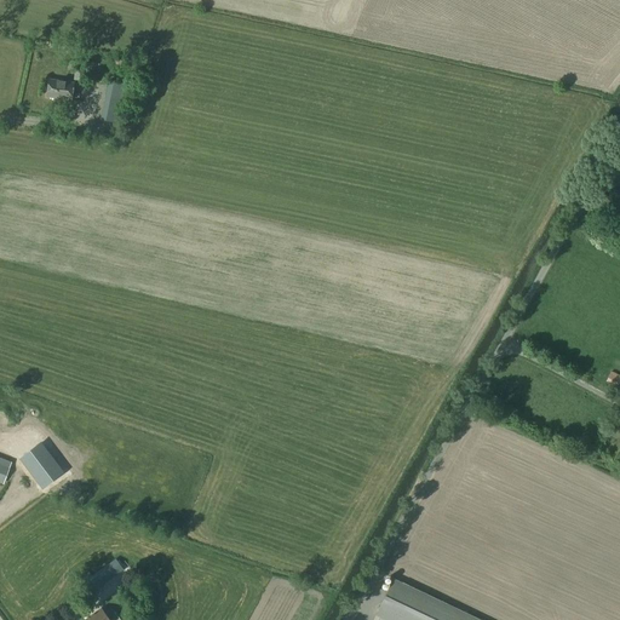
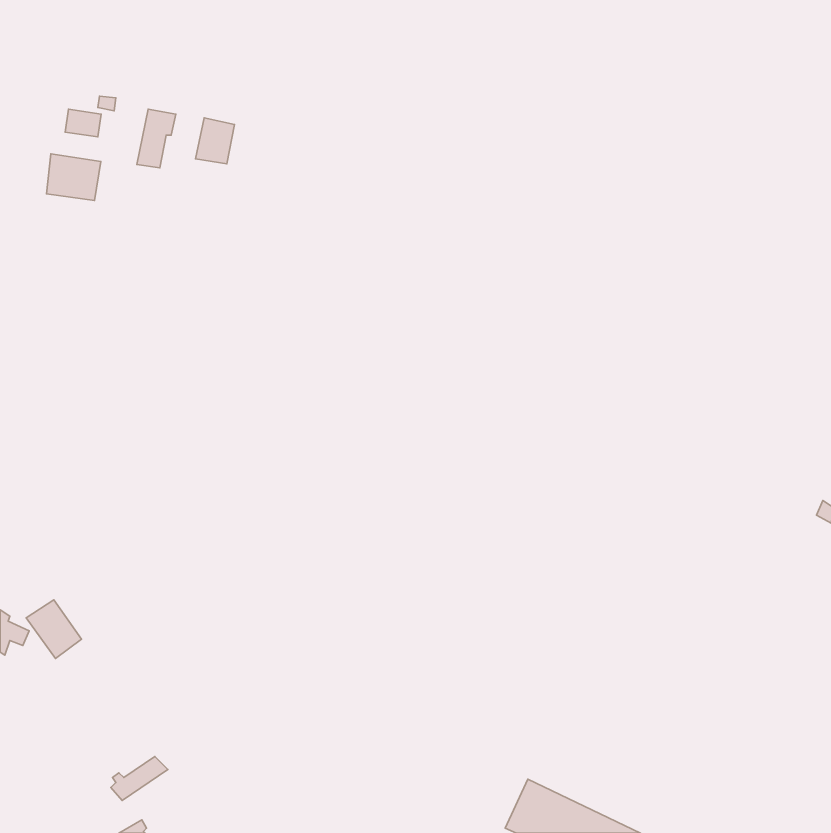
building: none -> [196,118,234,164]
building: none -> [46,154,101,200]

